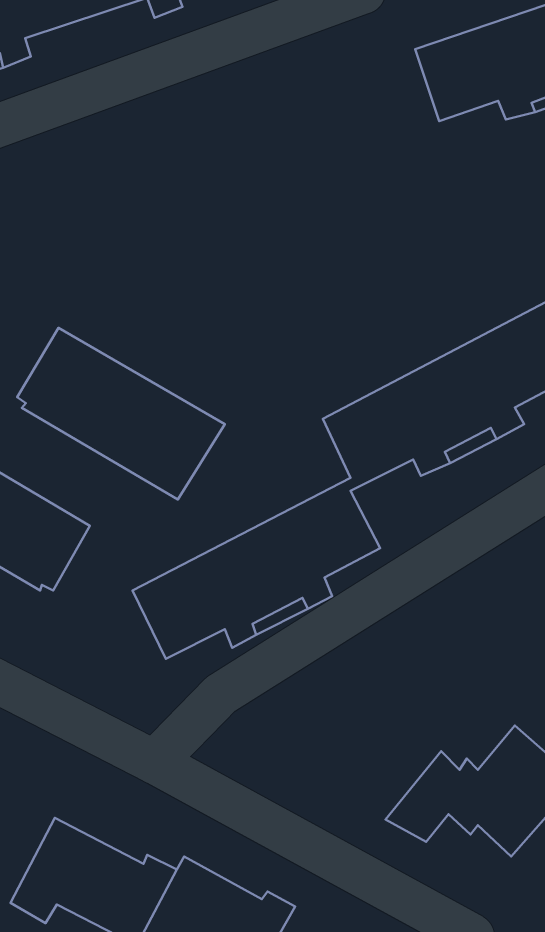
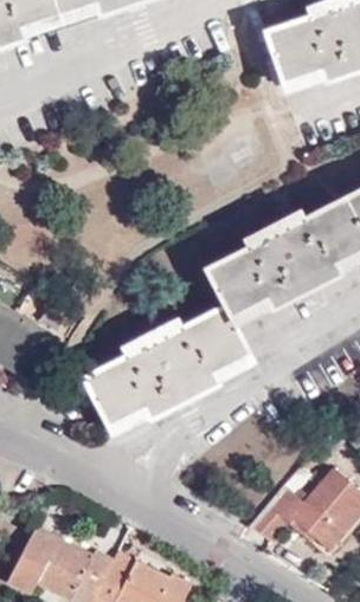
building: [17,328,225,499] -> none

